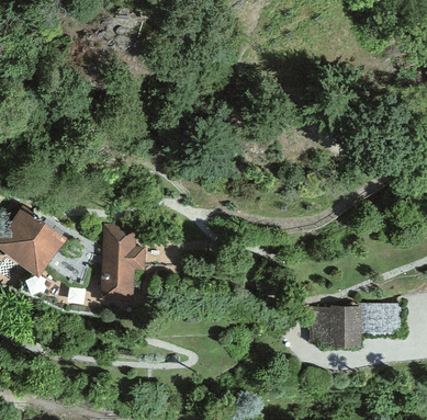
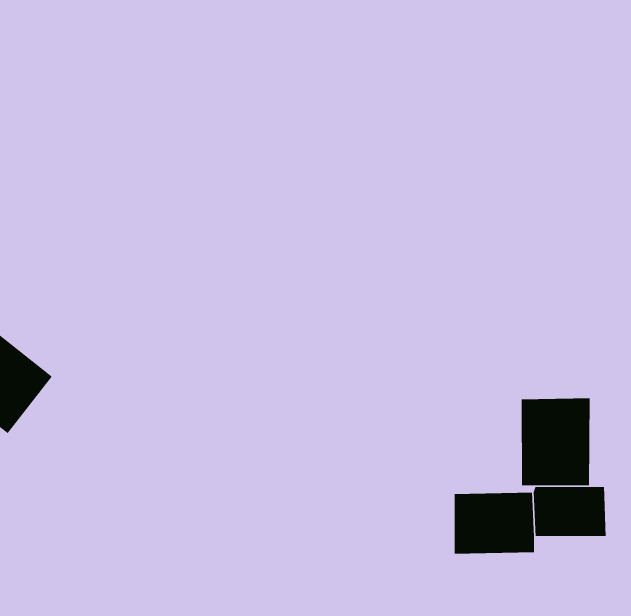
building: [99,228,144,300] -> none
building: none -> [521,398,590,486]

